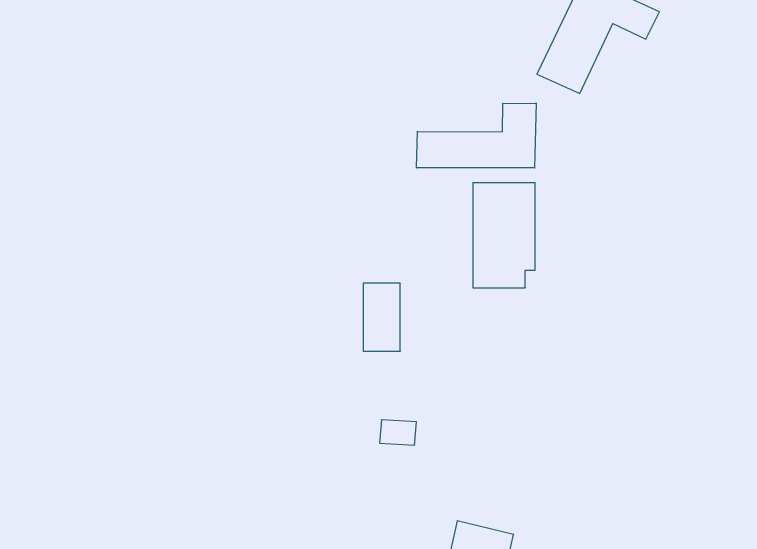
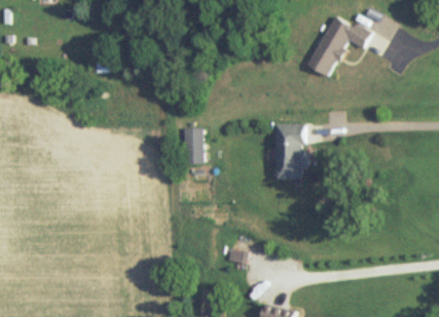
building: [416,103,536,168] -> none
building: [363,283,400,351] -> [180,127,199,163]

